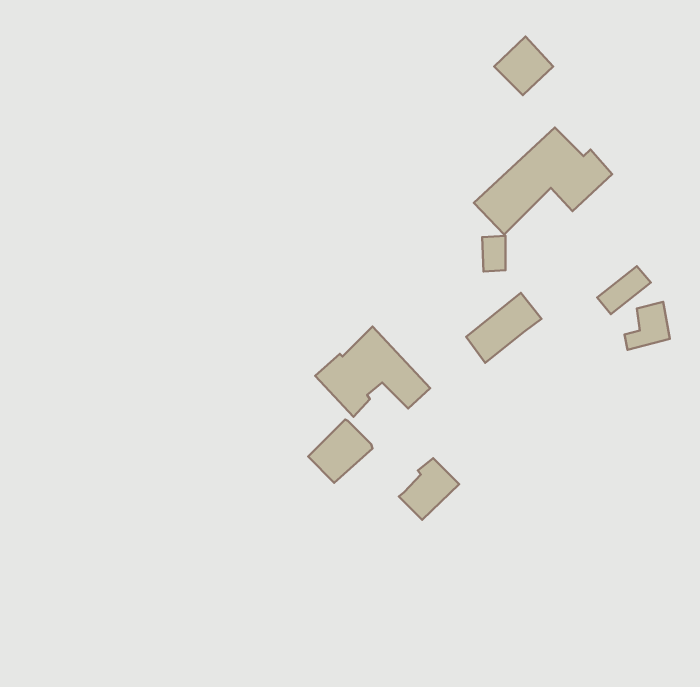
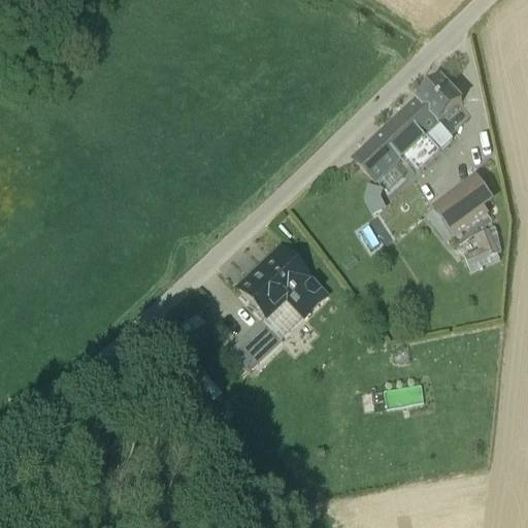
building: [494,36,553,95] -> [418,73,462,118]
building: [466,293,541,363] -> [435,171,492,224]
building: [399,458,459,520] -> [262,288,307,334]

